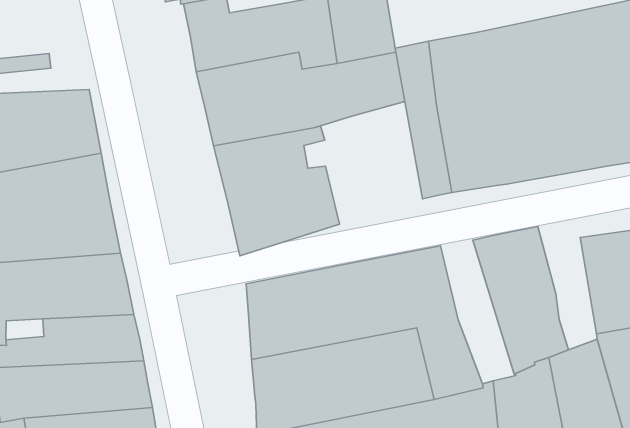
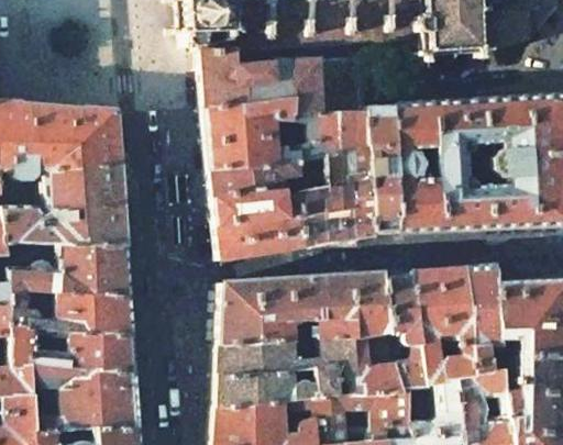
building: none -> [297,152,373,244]
building: none -> [463,264,499,368]
building: none -> [383,270,430,387]

